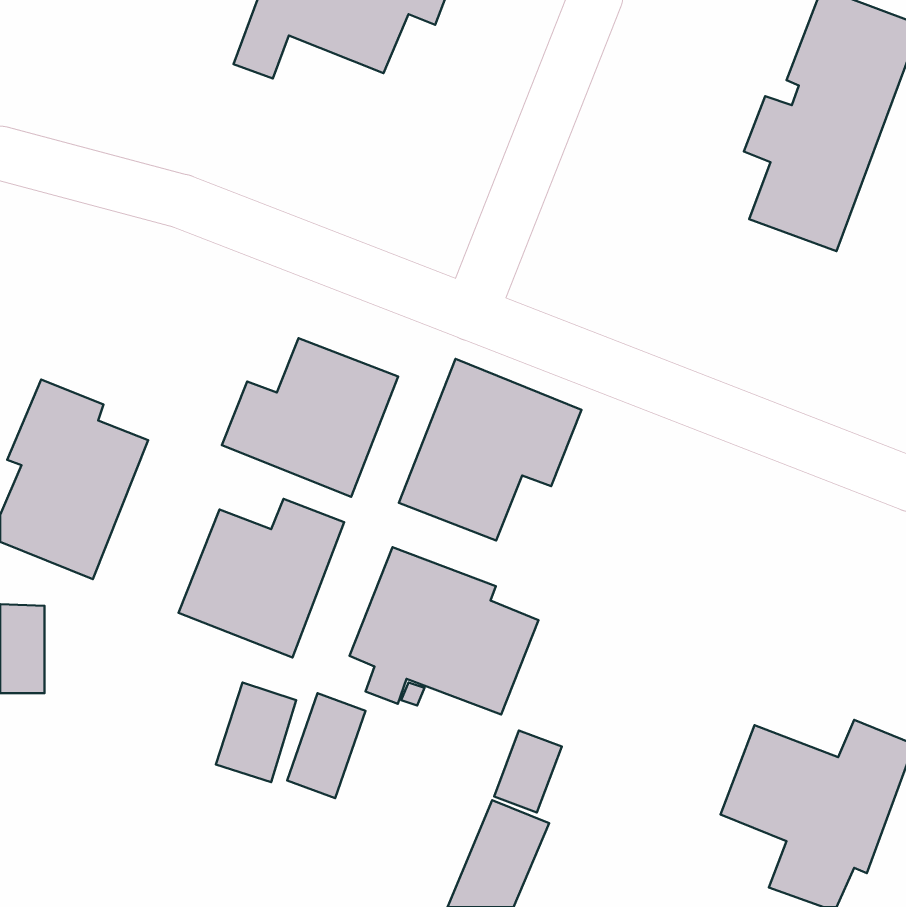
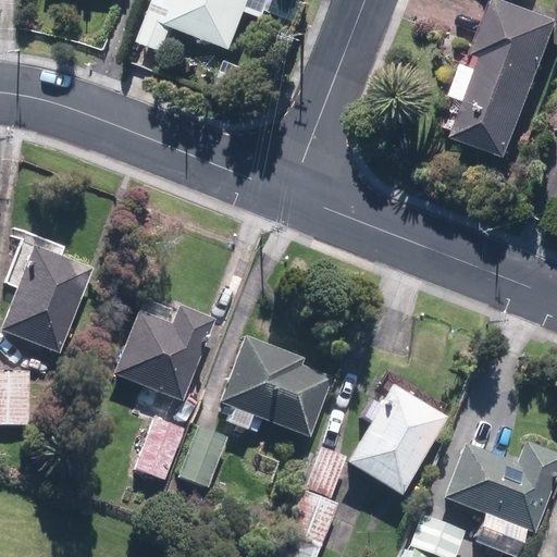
building: [222,338,398,497] -> none
building: [399,359,581,540] -> none
building: none -> [346,385,446,495]

